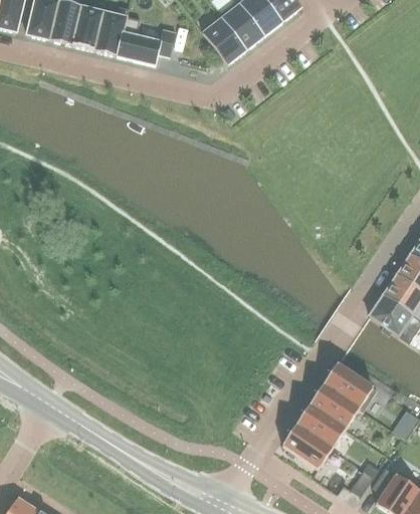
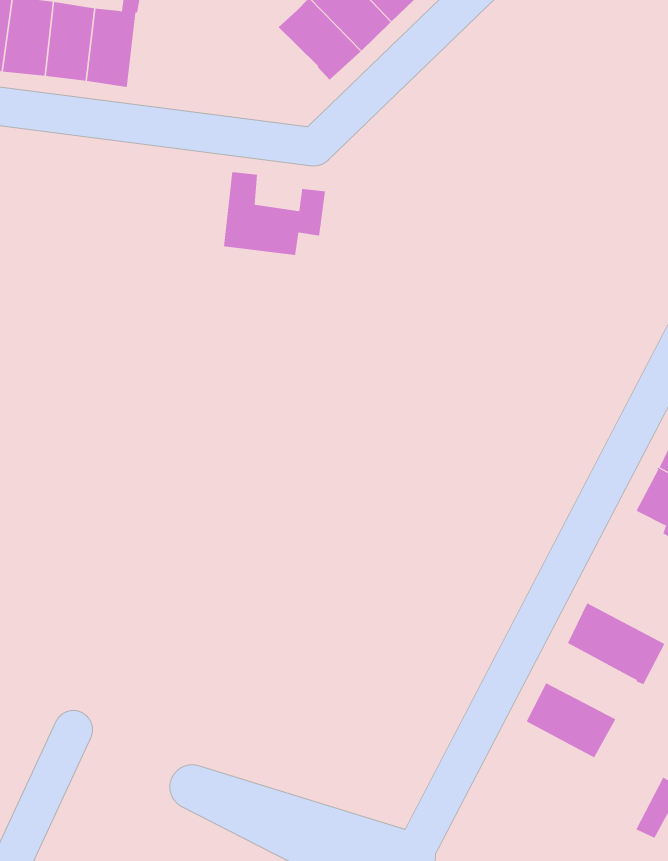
building: [118,15,177,64] -> [223,172,326,255]
building: [310,383,360,428] -> none
building: [283,424,333,469] -> none

